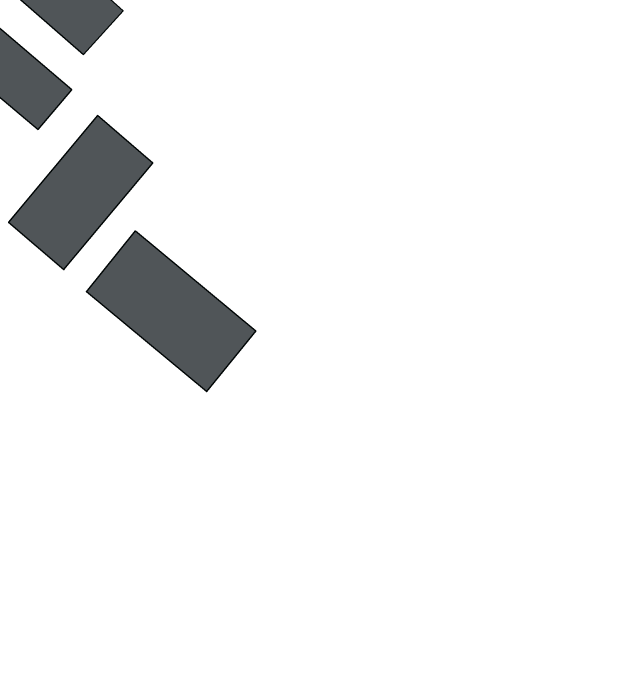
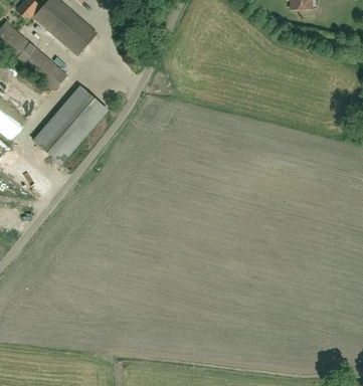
building: [86,231,256,392] -> none

